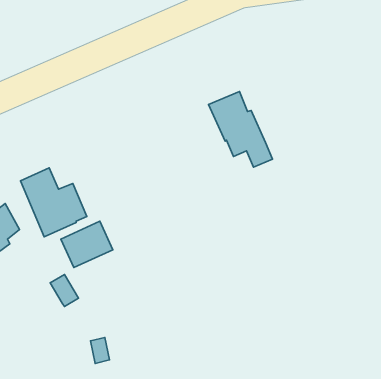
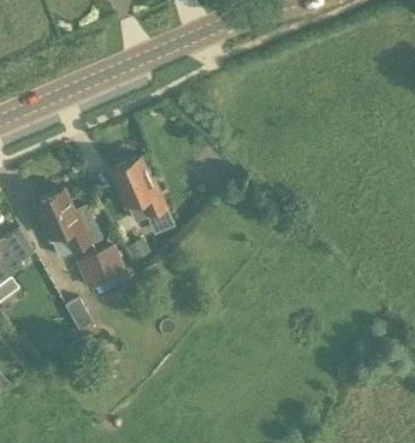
building: [209,91,273,167] -> [109,159,174,236]

